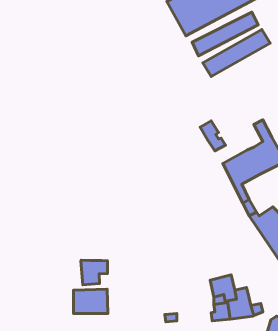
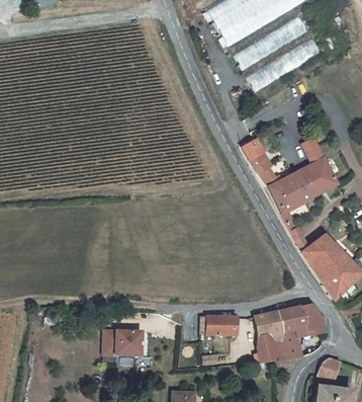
building: [81,260,107,285] -> none
building: none -> [278,302,325,332]
building: none -> [202,316,236,334]

